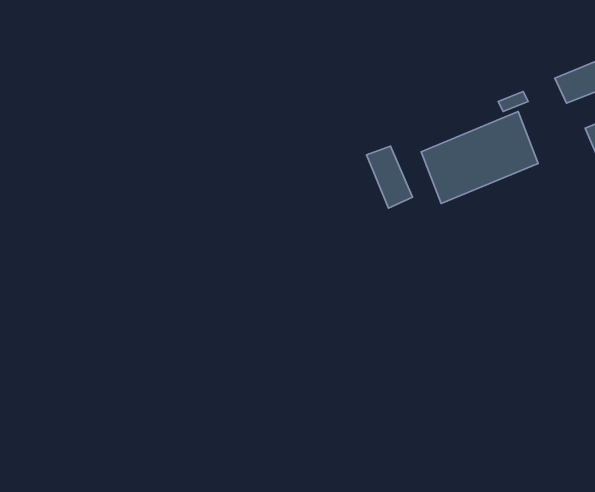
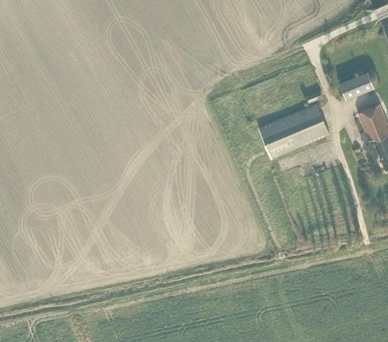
building: [366,146,413,208] -> none

